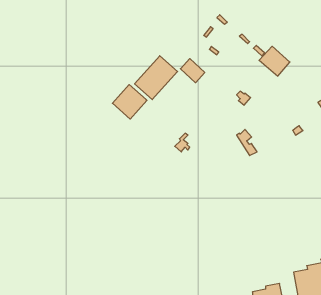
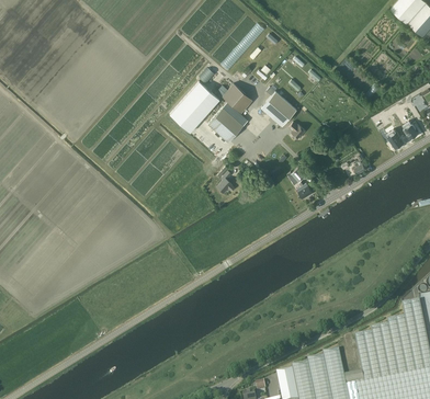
building: [259,46,290,76] -> [260,91,296,126]
building: [112,85,147,119] -> [207,101,248,141]

